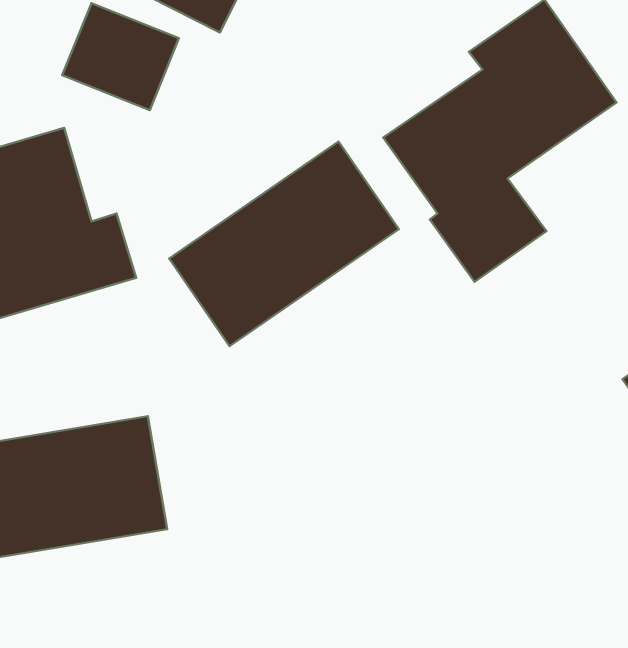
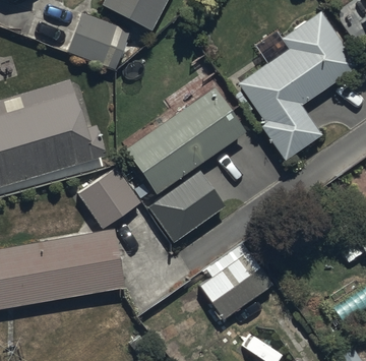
building: none -> [78,169,139,230]
building: none -> [149,170,226,243]
building: none -> [200,244,272,319]

